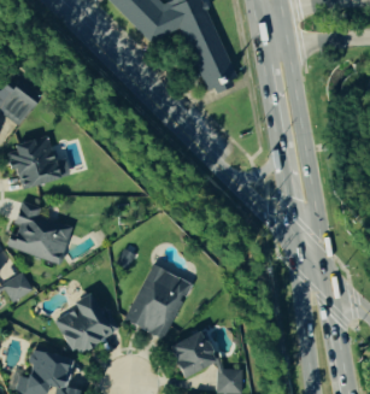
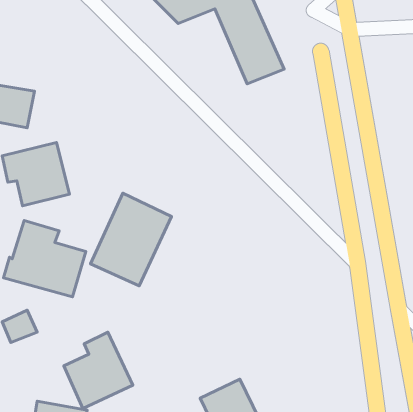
building: [125,264,192,340] -> [91,193,171,286]

